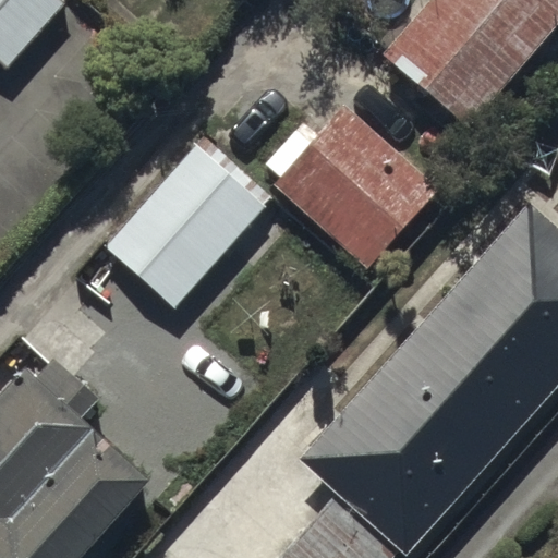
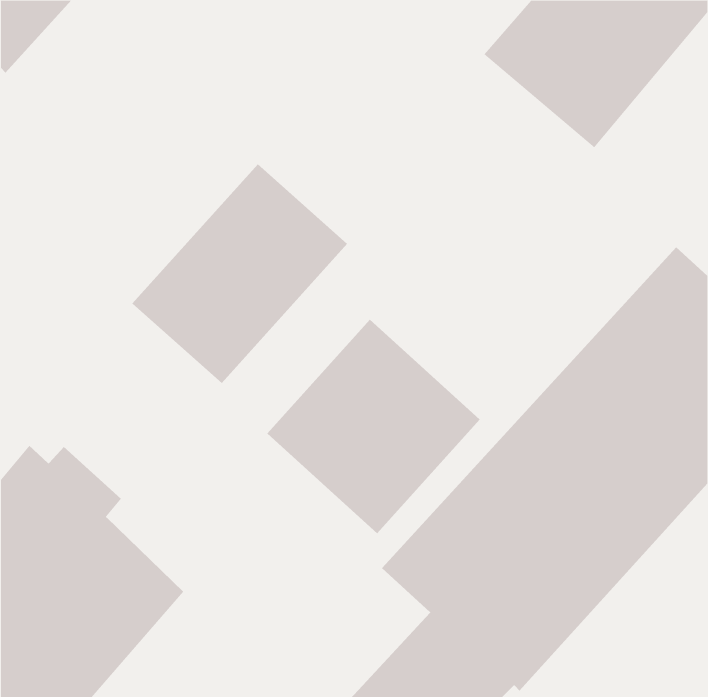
building: [267,104,440,269] -> none
building: none -> [266,319,481,534]

